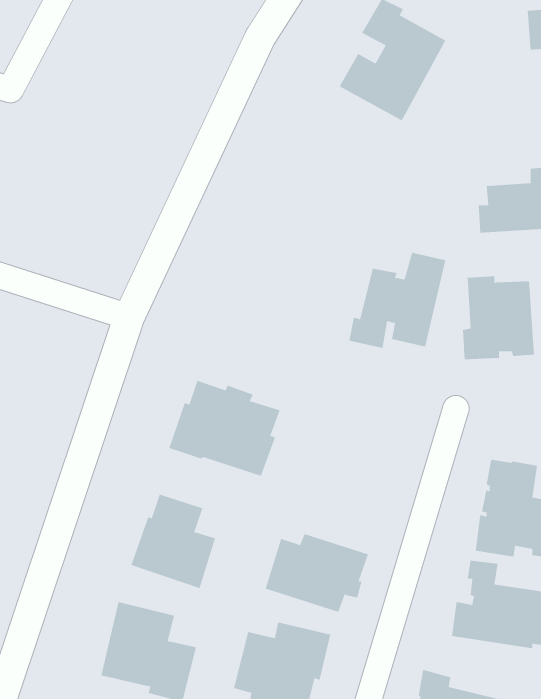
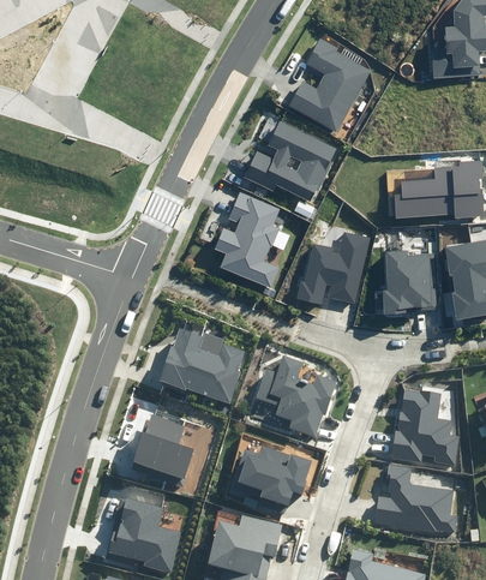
building: none -> [244,121,335,202]
building: none -> [214,192,280,288]
building: none -> [254,355,336,437]

